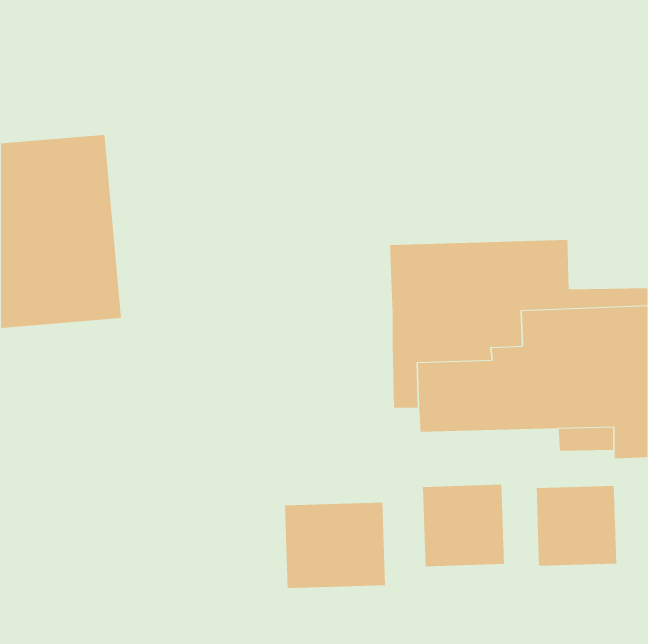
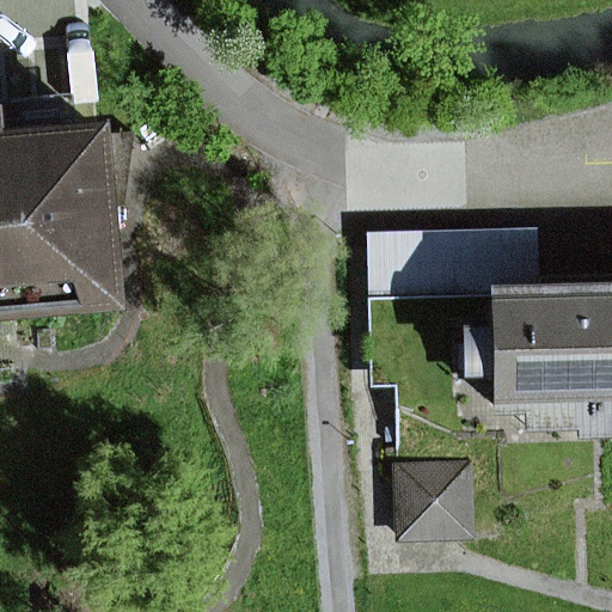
building: [536,485,617,566] -> none
building: [284,502,385,589] -> none

